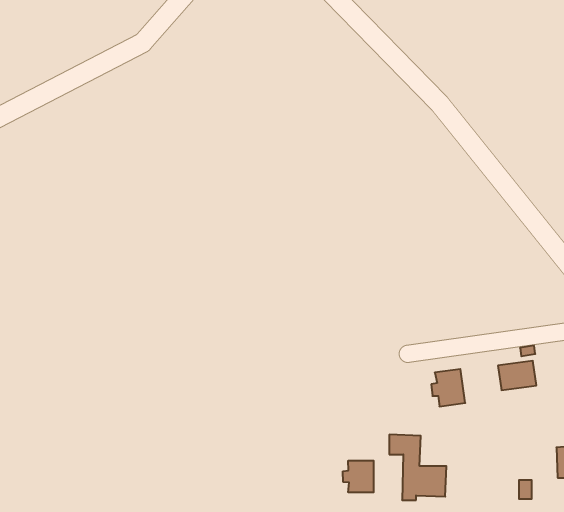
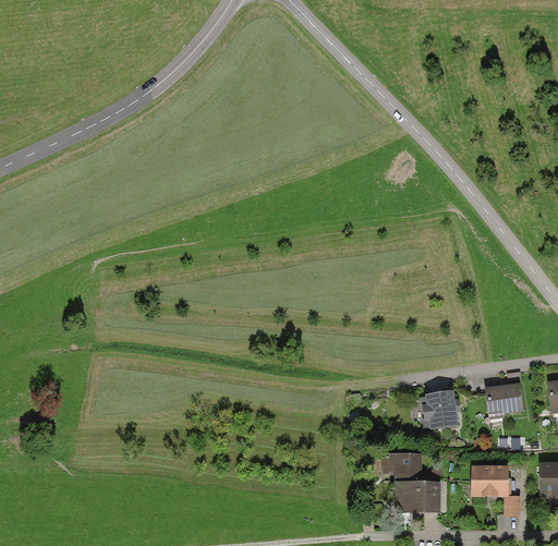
building: none -> [474,466,507,493]
building: [343,461,374,492] -> none

